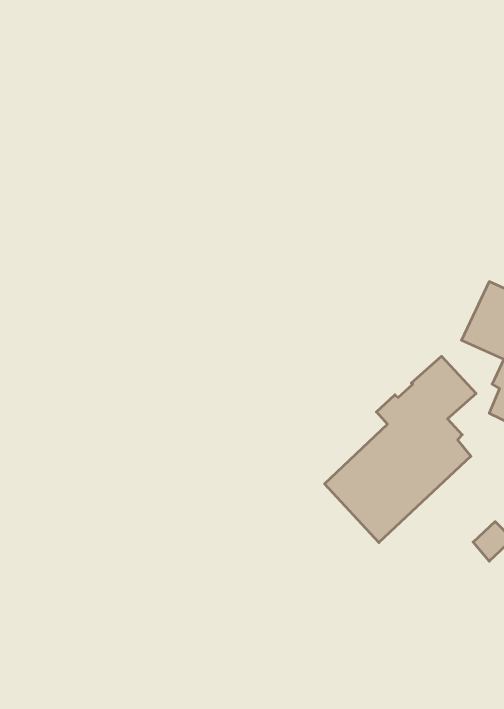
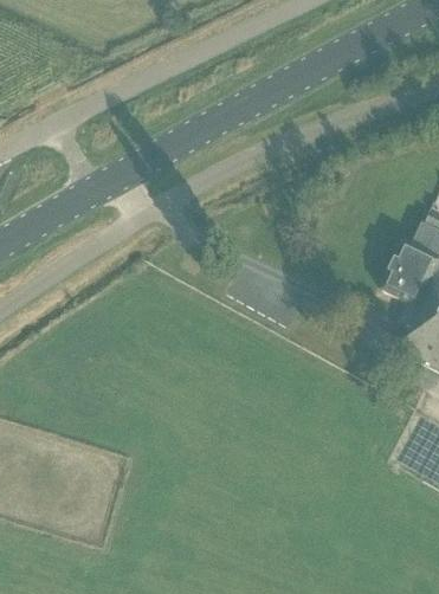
building: [325,356,476,543] -> none

